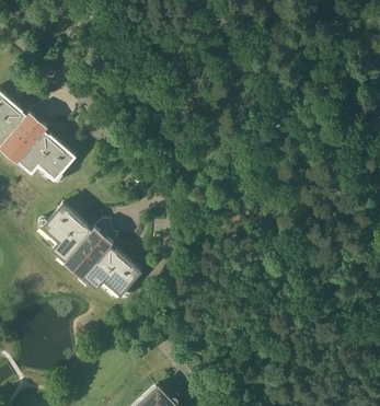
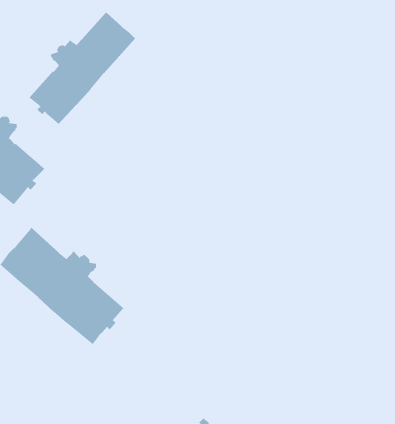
building: none -> [29,12,136,125]

